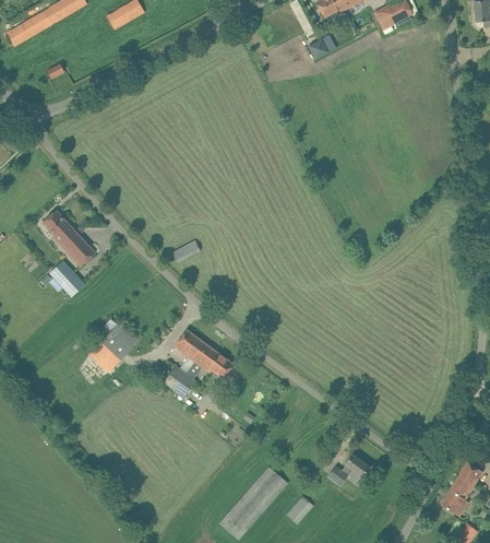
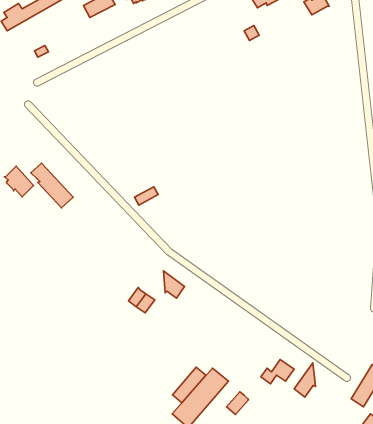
building: [49,259,85,297] -> [5,166,34,197]
building: [89,319,141,371] -> none
building: [174,329,207,361] -> none
building: none -> [294,363,315,397]
building: none -> [172,367,206,403]

